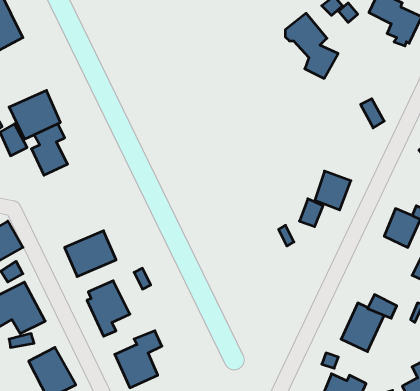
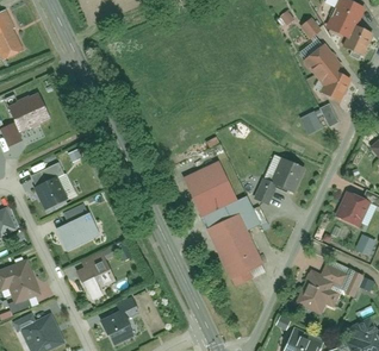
building: [285,13,338,78] -> [306,46,352,102]
building: [31,124,68,175] -> [36,165,67,209]
building: none -> [184,161,269,283]

